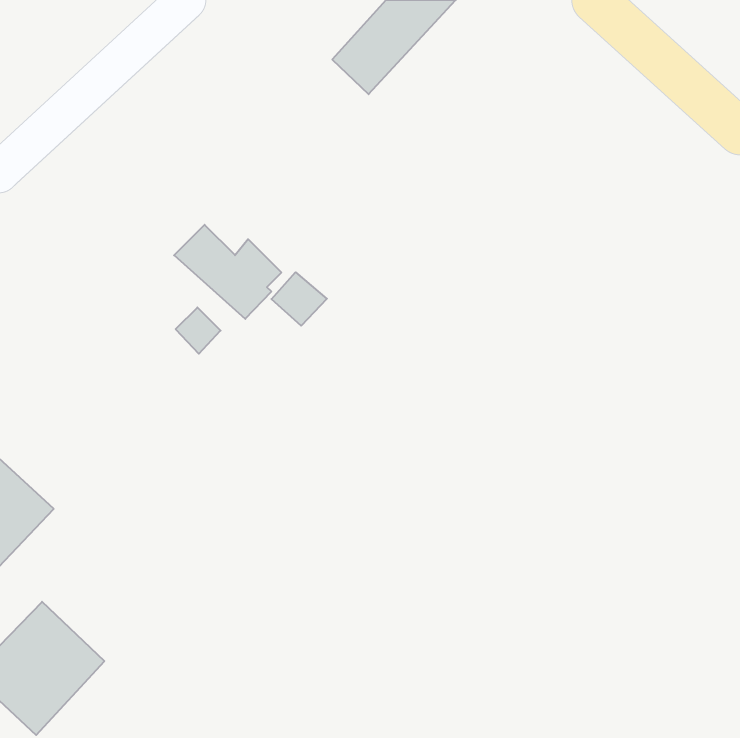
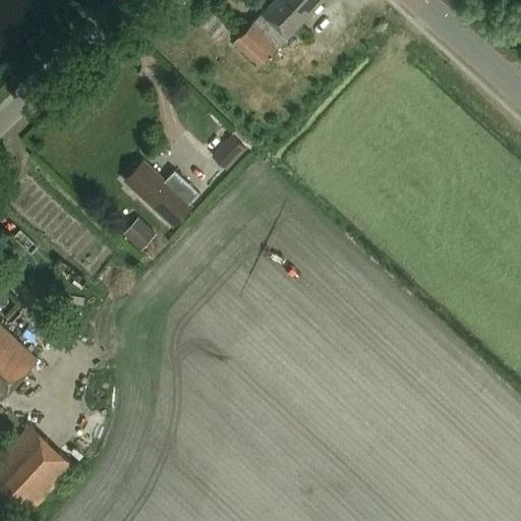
building: none -> [212,132,248,169]
building: [271,272,327,326] -> none

